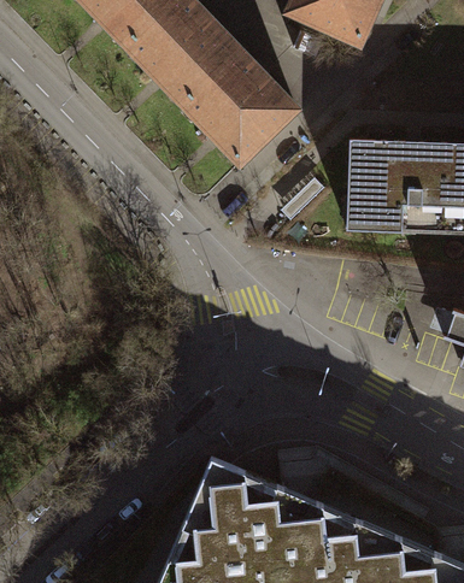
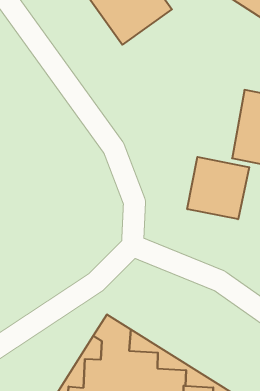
building: [183,52,296,165] -> none
building: none -> [187,157,249,219]

